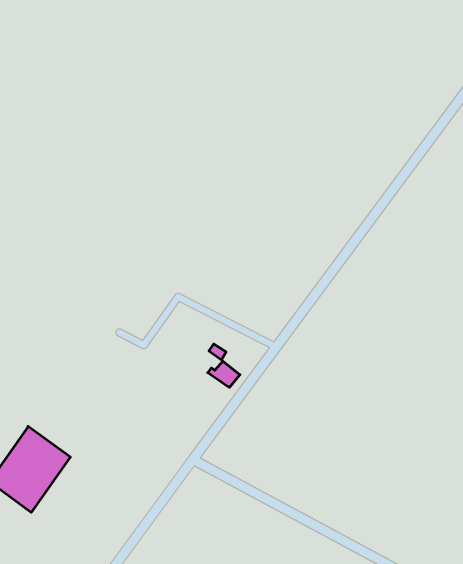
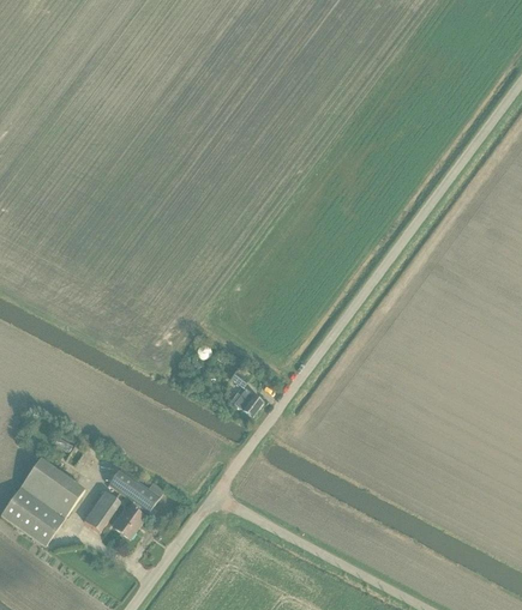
building: none -> [108,467,164,538]
building: none -> [84,490,120,531]

